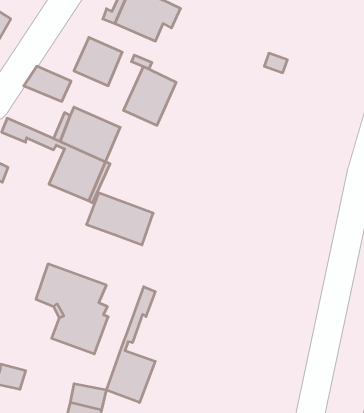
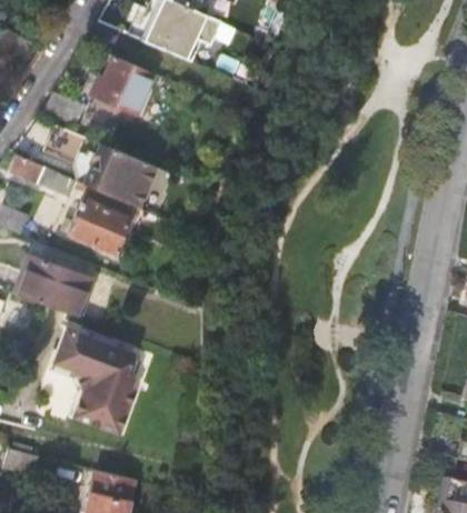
building: [124,67,176,125] -> none
building: none -> [39,122,81,162]
building: [86,193,153,245] -> [13,255,93,318]
building: [106,287,155,403] -> none

